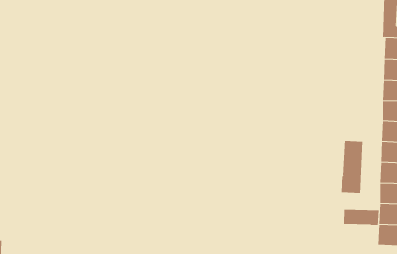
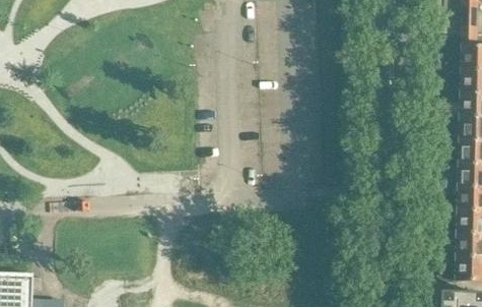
building: [341,140,363,194] -> none
building: [344,209,379,226] -> none

